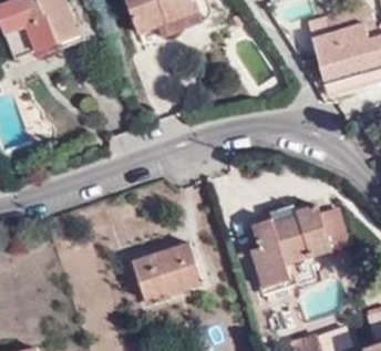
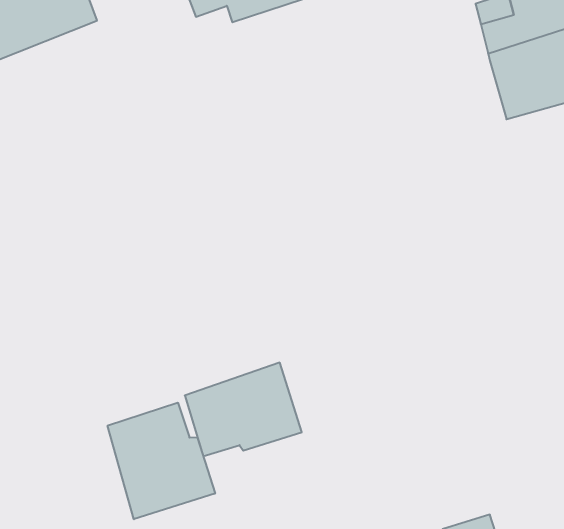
building: [250,204,332,287] -> none
building: none -> [108,403,215,519]

